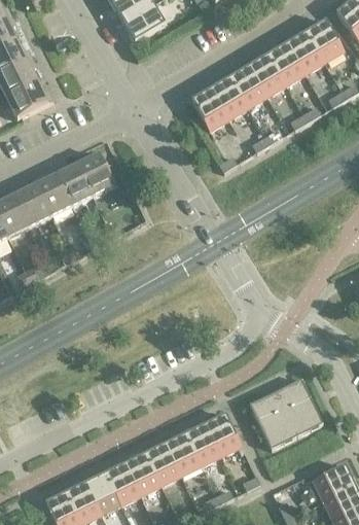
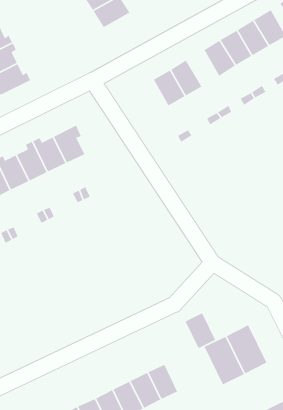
building: [228,65,265,107] -> none
building: [204,413,240,455] -> [185,312,216,349]

